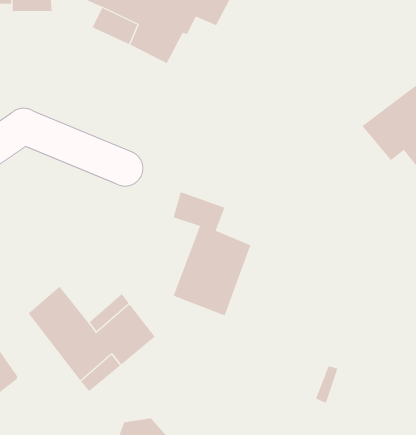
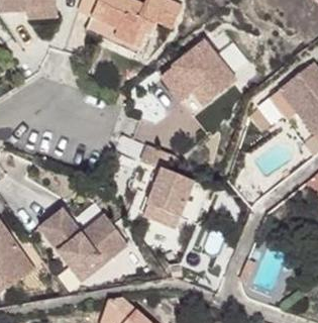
building: none -> [162,40,237,110]

